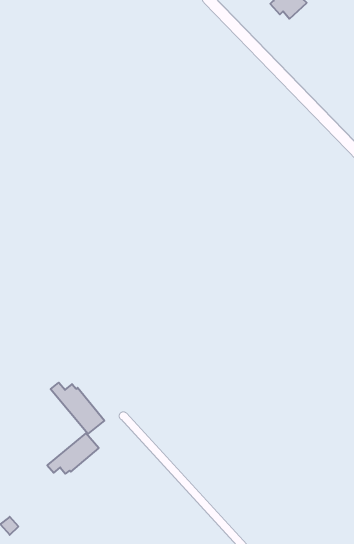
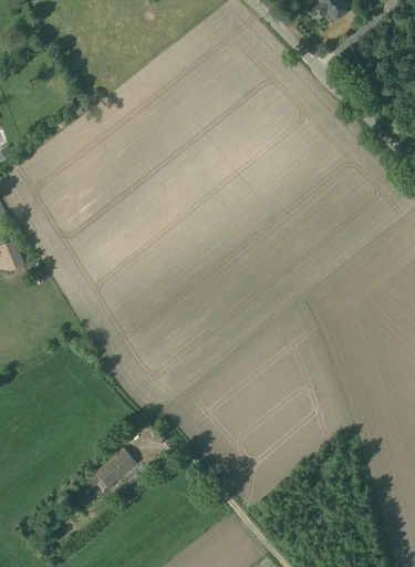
building: [51,383,104,434] -> none

